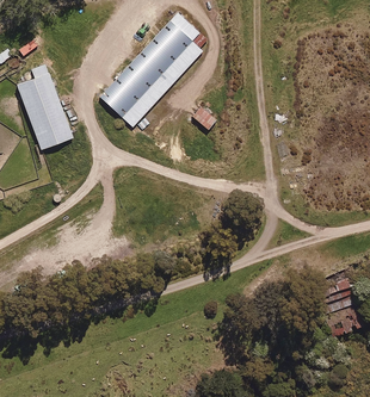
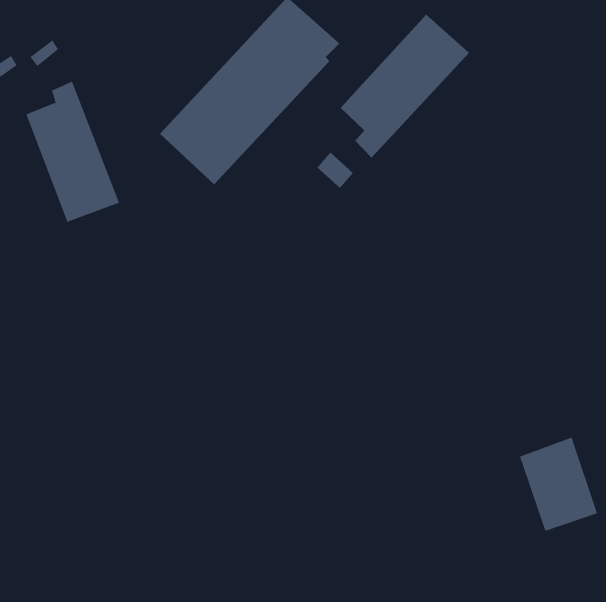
building: none -> [340,14,470,159]

